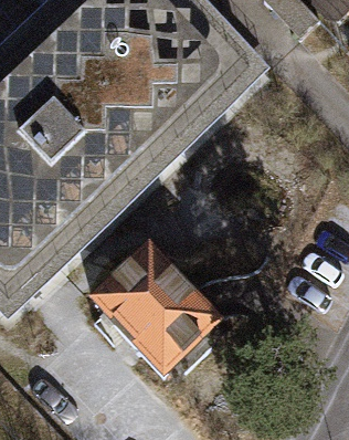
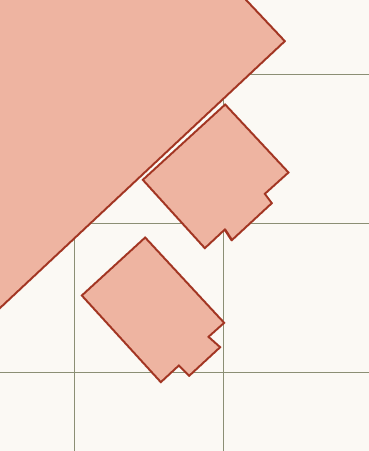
building: none -> [143,105,288,248]

